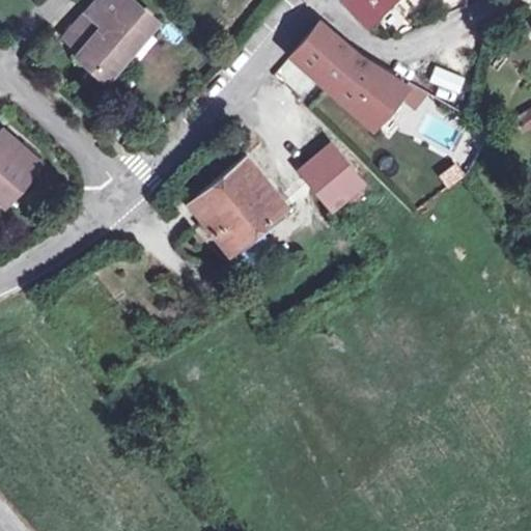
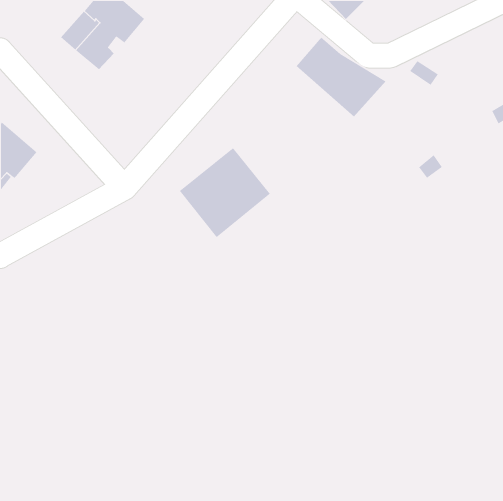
building: [292,25,339,74] -> none
building: [304,148,363,208] -> none

